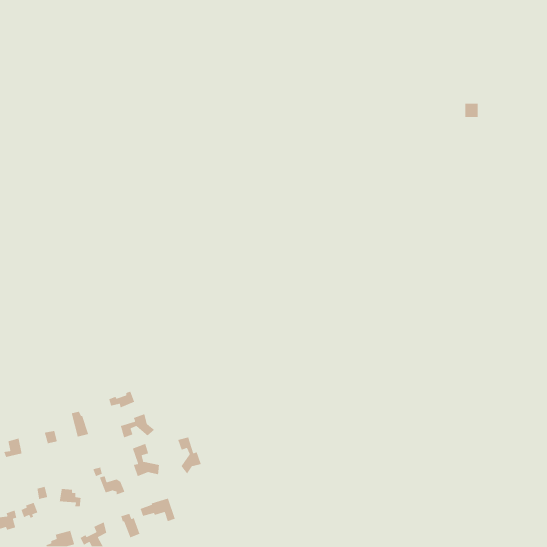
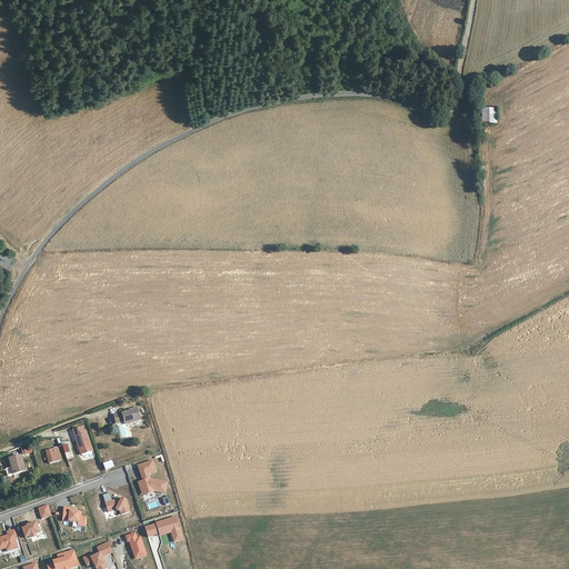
building: [120,413,155,438] -> none
building: [177,436,202,475] -> none

